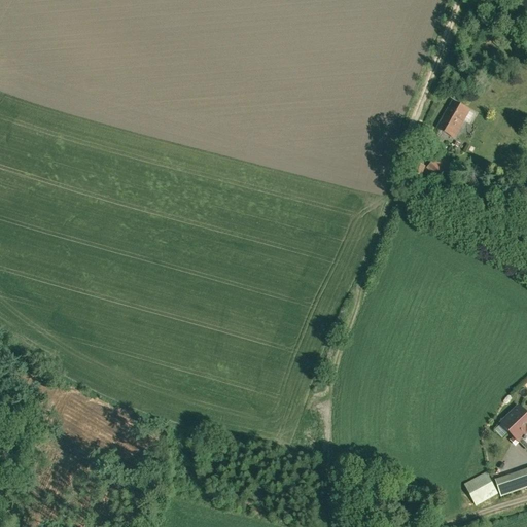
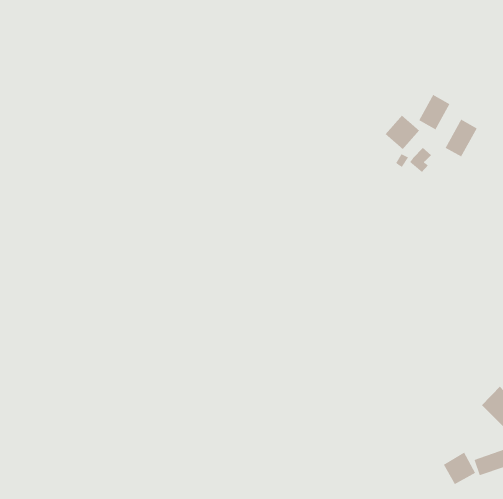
building: none -> [385,114,420,150]
building: none -> [444,119,478,157]

